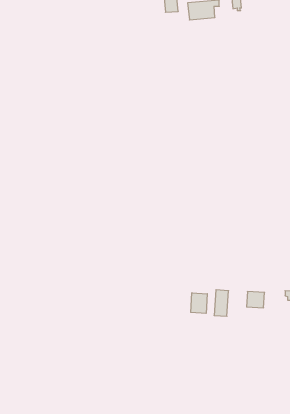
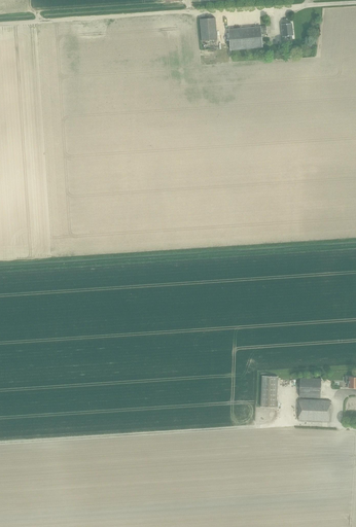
building: [191,293,207,313] -> none
building: none -> [297,398,329,420]

